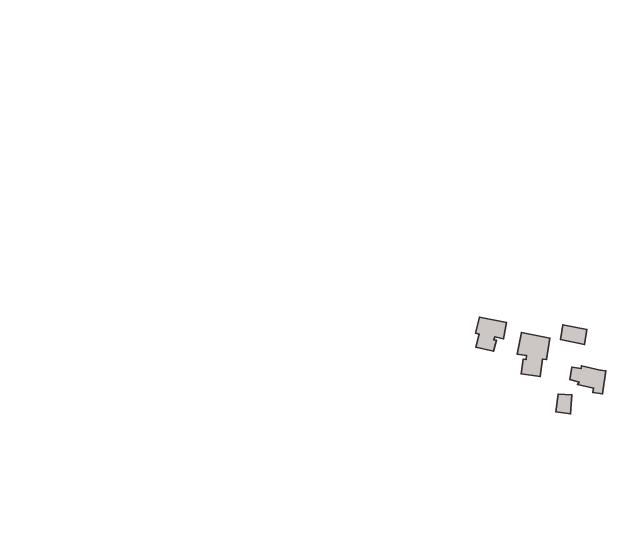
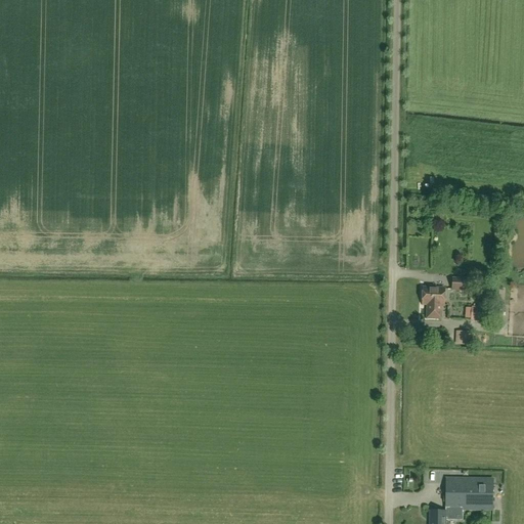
building: [475,317,506,351] -> none

